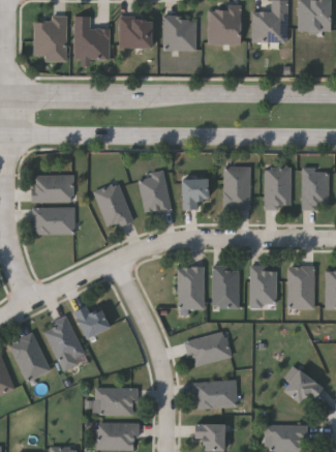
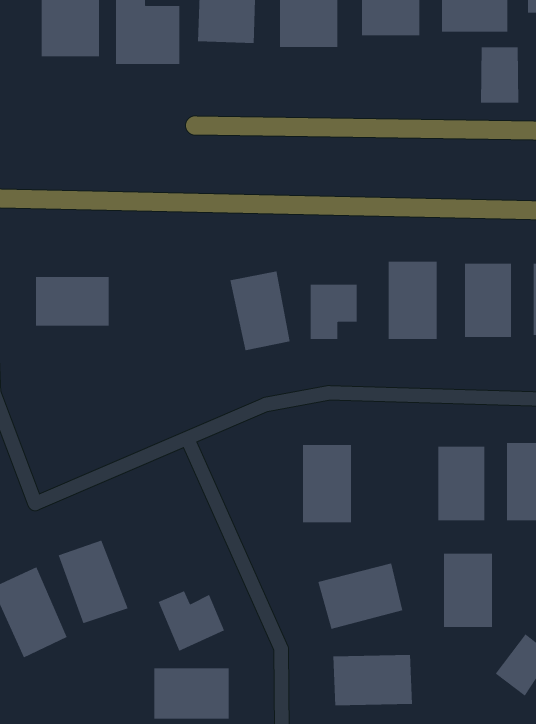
building: none -> [480,47,519,104]
building: [93,182,132,229] -> none
building: [33,207,74,234] -> none
building: [212,267,239,307] -> [443,553,493,628]
building: [72,305,109,338] -> [158,590,225,652]

